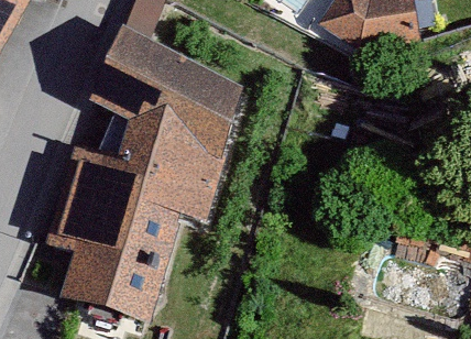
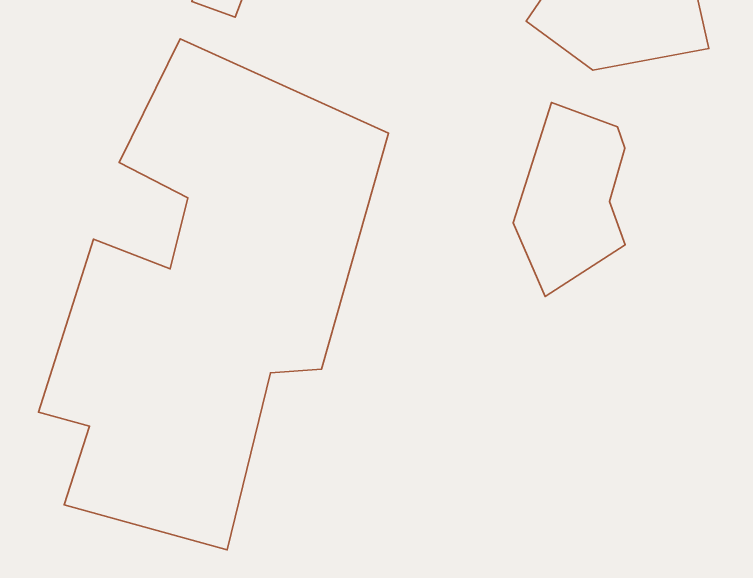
building: none -> [513,102,625,297]

